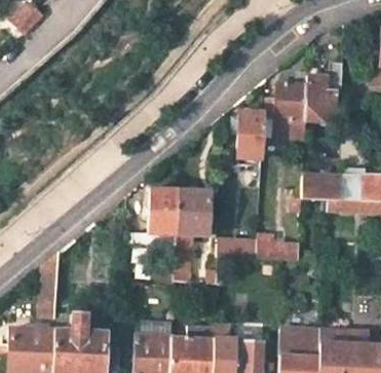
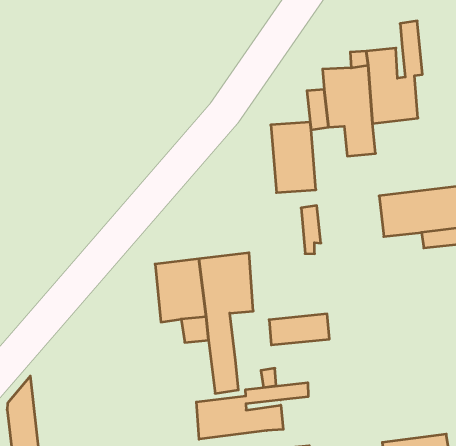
building: [256,232,298,259] -> none
building: none -> [196,383,308,439]

